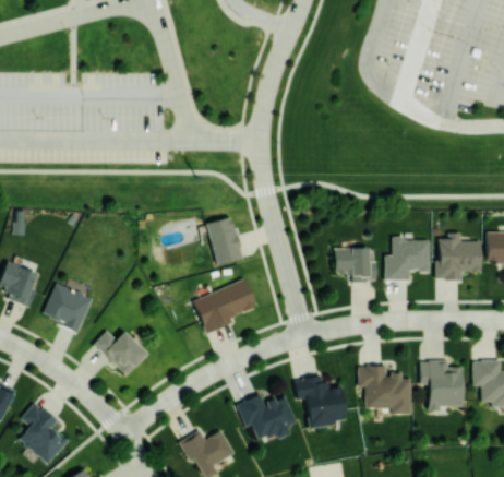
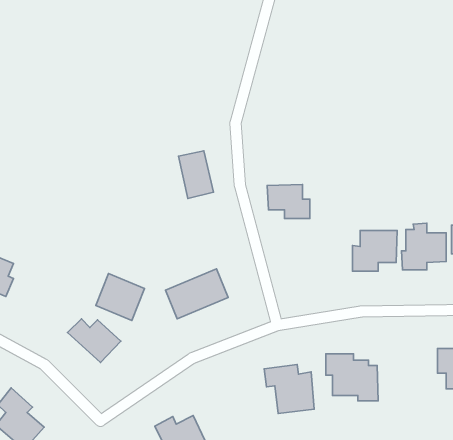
building: [206,216,242,265] -> [178,151,213,199]
building: [334,247,377,282] -> [267,184,310,218]
building: [43,283,93,331] -> [96,274,145,320]
building: [419,361,463,410] -> none
building: [236,393,296,440] -> none

